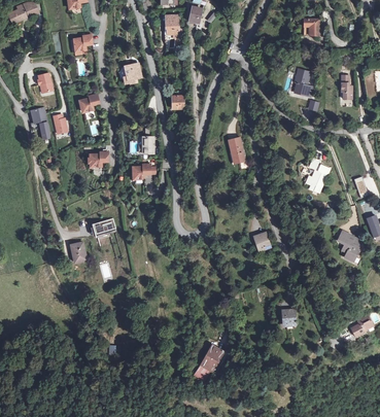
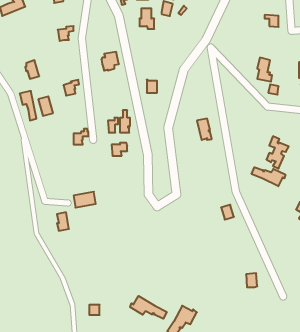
building: none -> [252,167,285,186]
building: none -> [130,296,167,319]

